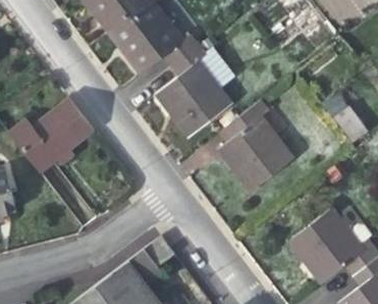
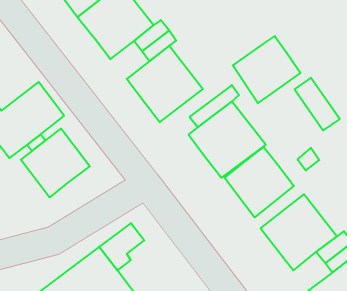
building: none -> [233,36,301,103]
building: none -> [21,129,90,197]
building: none -> [225,147,294,217]

